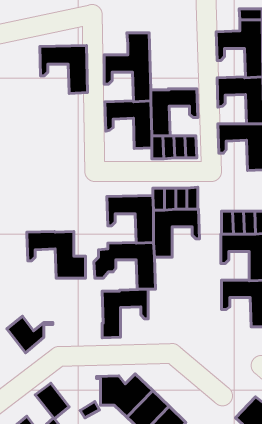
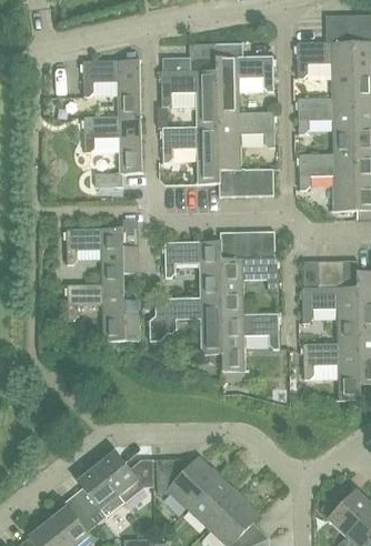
building: none -> [215,43,273,113]
building: none -> [84,117,142,186]
building: none -> [67,228,139,285]
building: [102,289,148,338] -> [222,313,278,372]
building: [7,316,53,353] -> [97,452,152,496]

